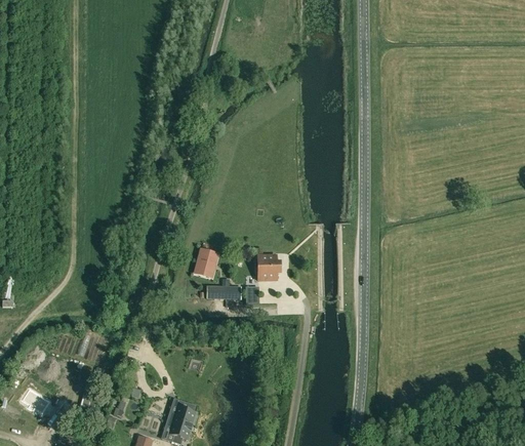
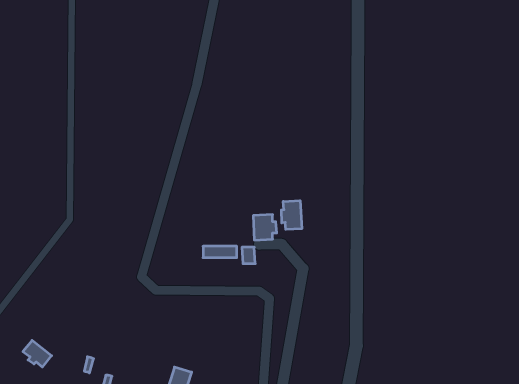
building: none -> [281,201,302,229]
building: [195,250,216,277] -> none

